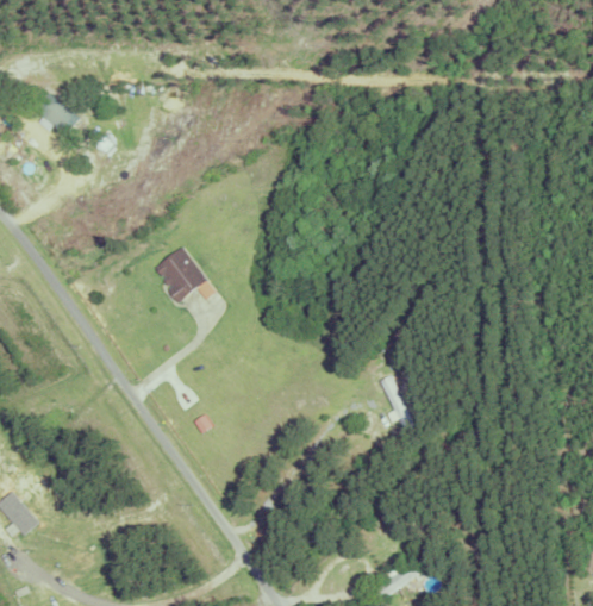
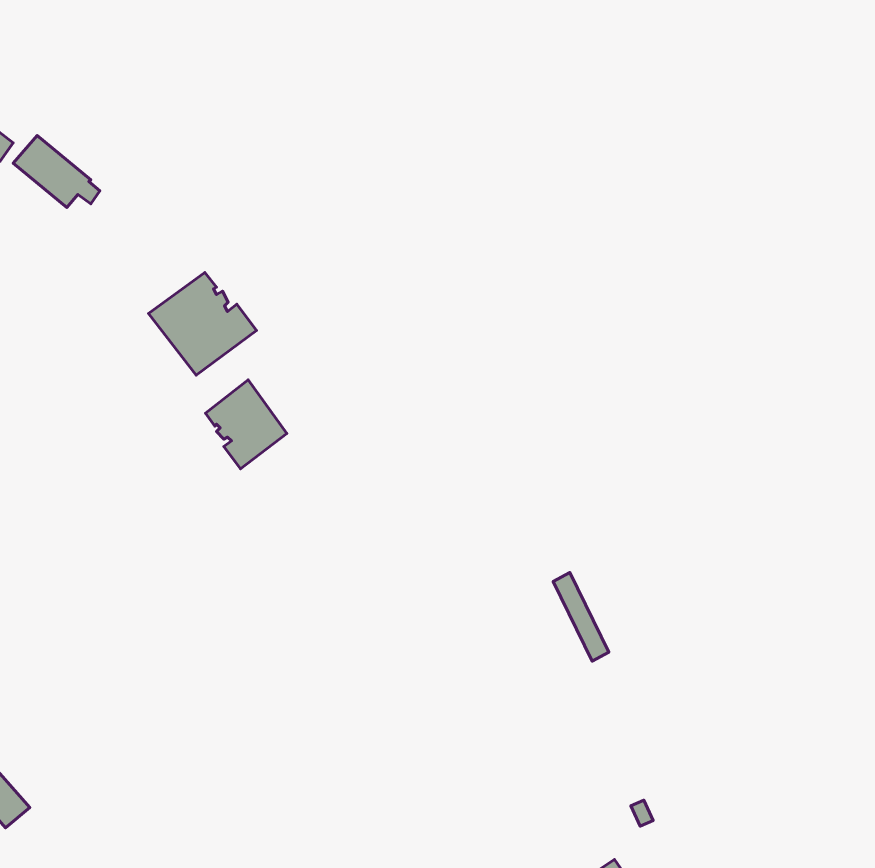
building: none -> [148,273,257,375]

